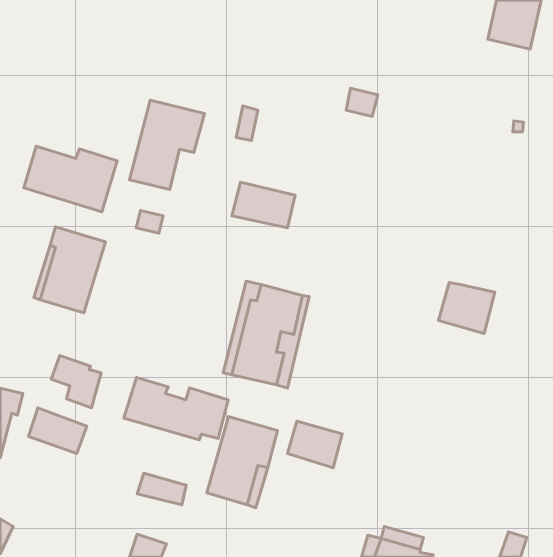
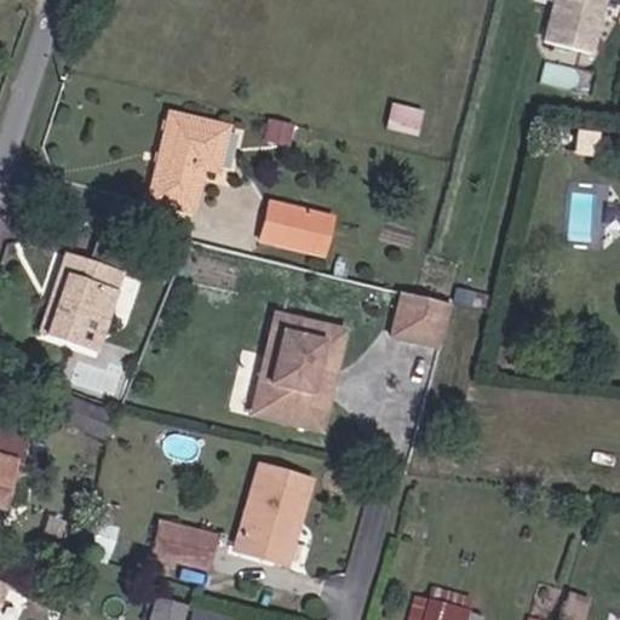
building: [24,146,117,212] -> none
building: [438,282,495,334] -> [392,291,455,348]
building: [124,377,228,440] -> none
building: [29,408,87,453] -> none
building: [287,421,342,468] -> none

